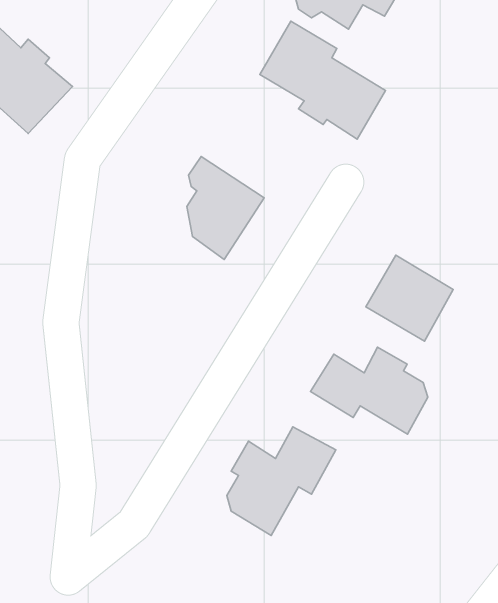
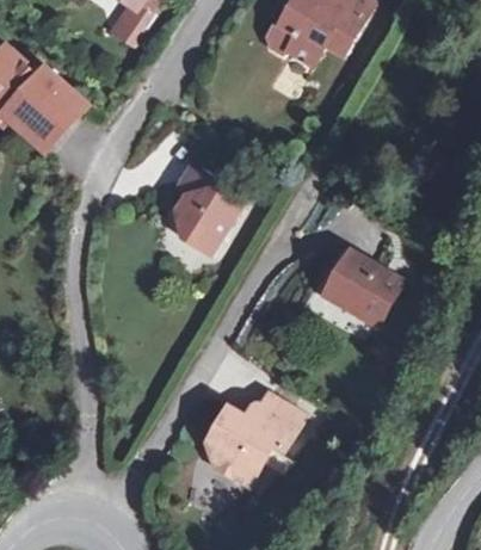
building: [260,21,386,139] -> none
building: [311,347,428,434] -> none

